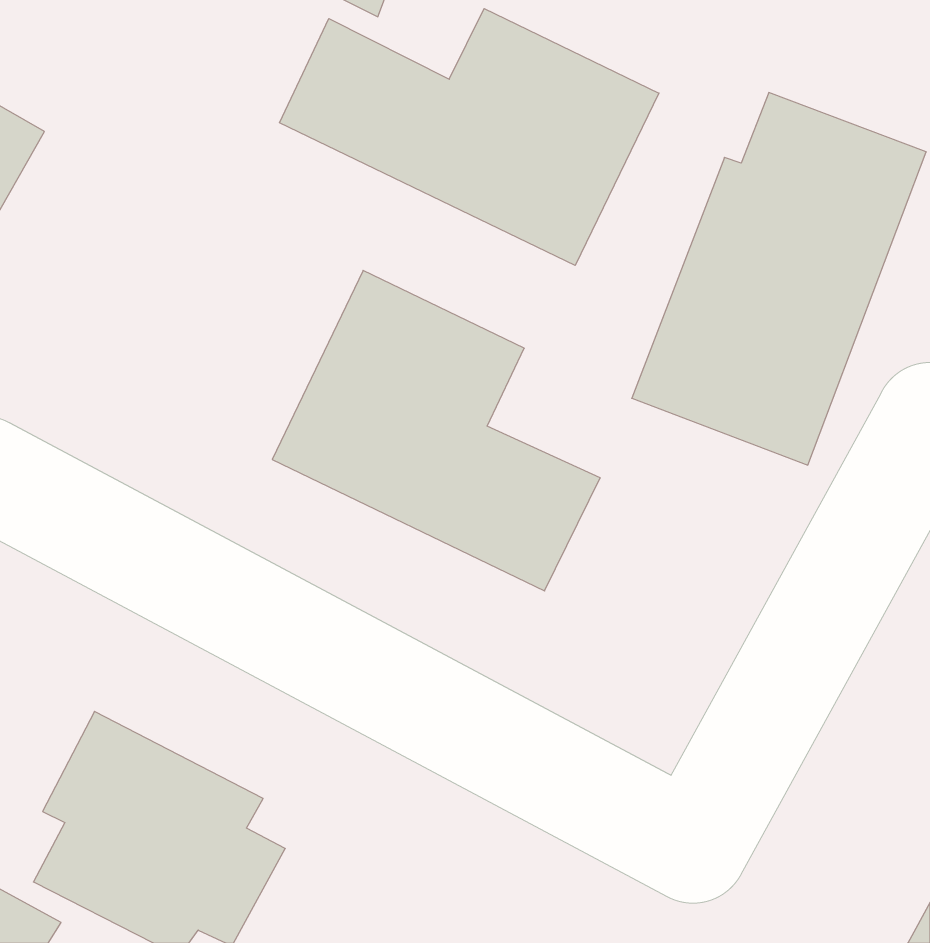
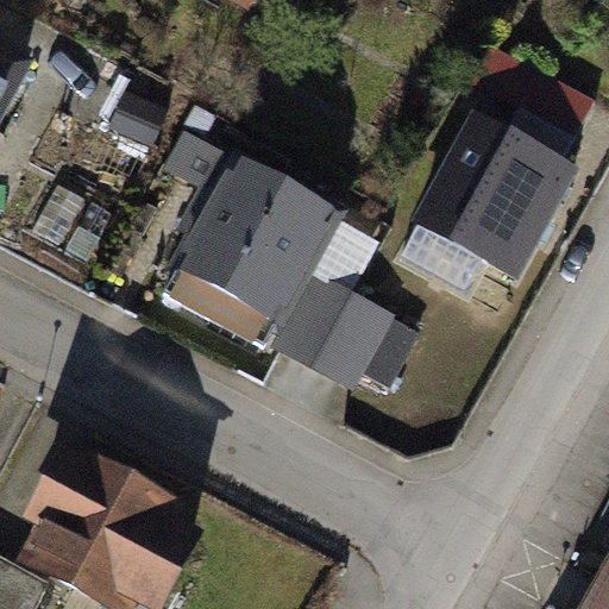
building: [280,9,659,265] -> none

